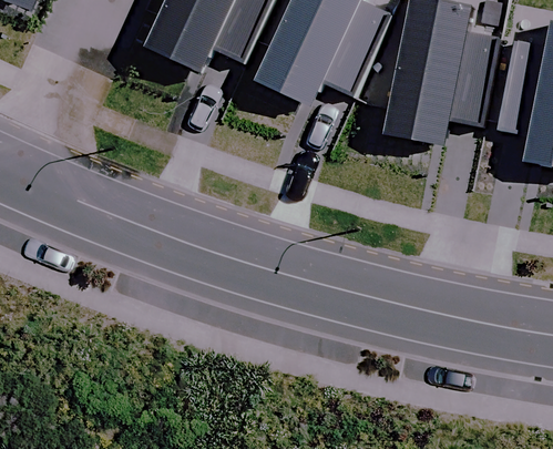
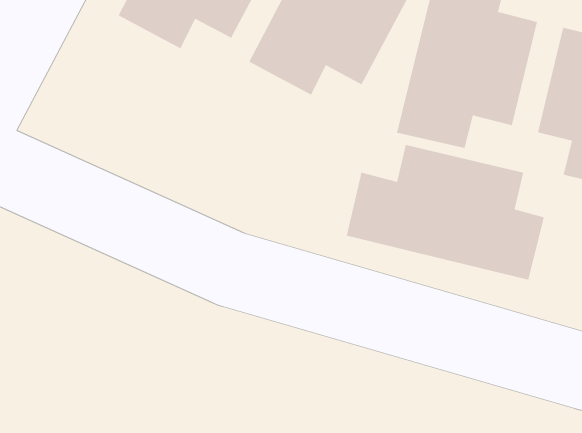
building: none -> [346,144,545,281]

